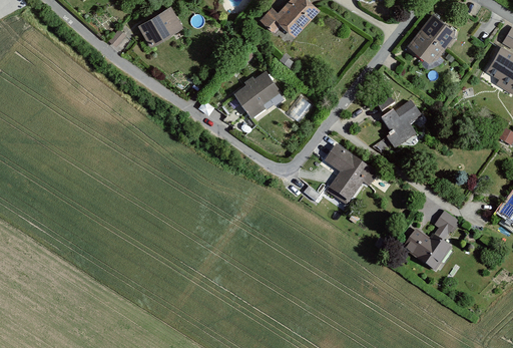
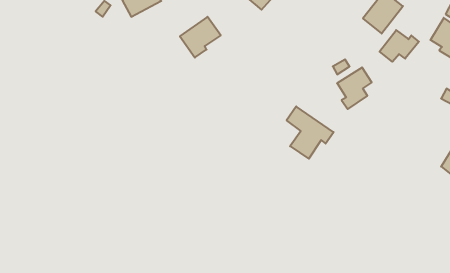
building: none -> [380,30,419,62]
building: [234,70,281,116] -> [180,17,221,58]
building: [403,211,460,270] -> none

